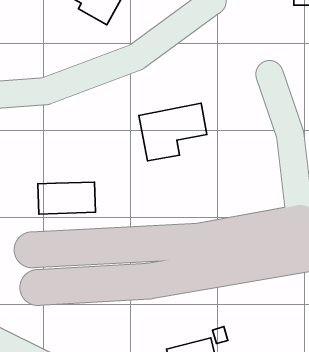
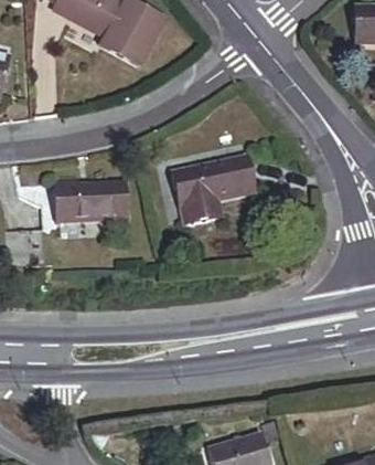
building: [38,182,96,214] -> [57,183,125,221]

